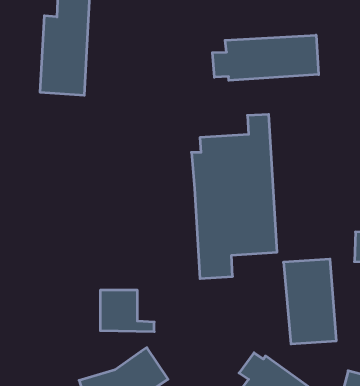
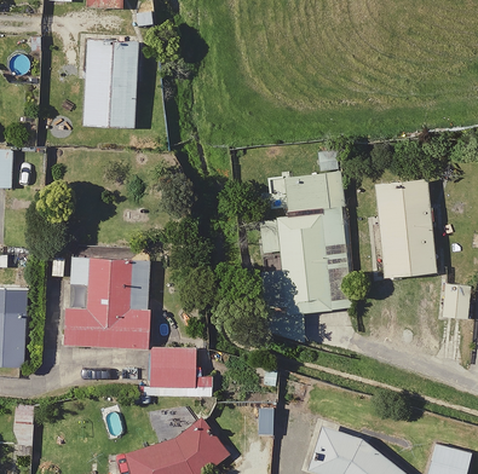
building: [212,35,319,80] -> none
building: none -> [63,255,149,349]
building: [283,259,336,344] -> [374,180,434,277]

